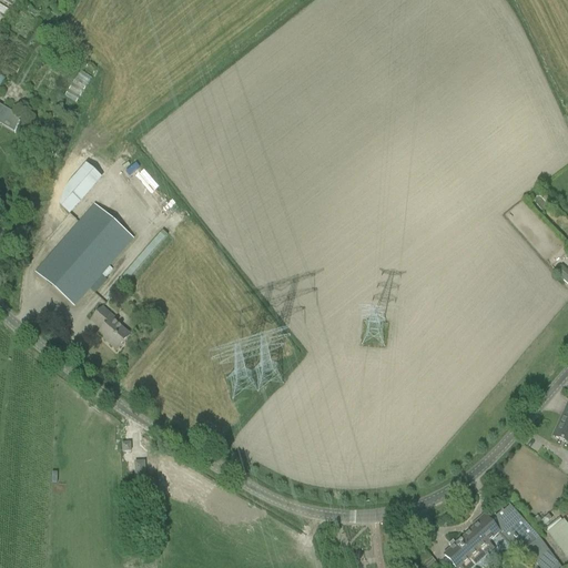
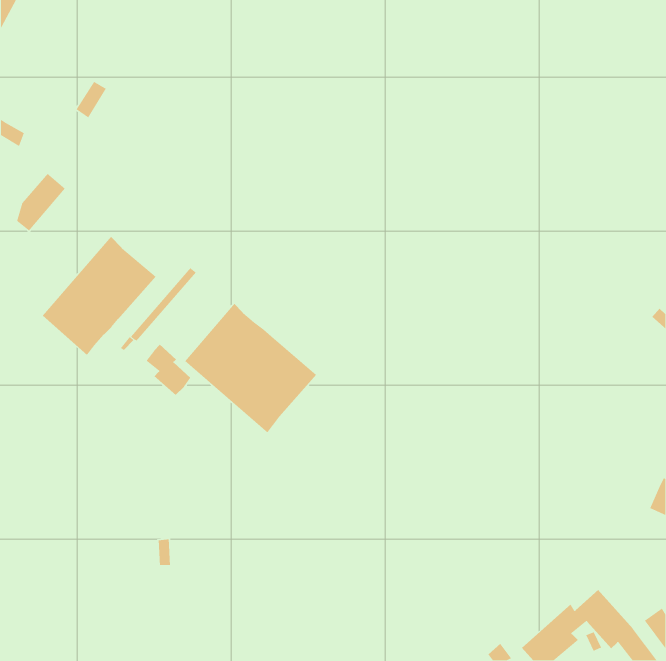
building: [59,163,101,213] -> [16,173,66,232]
building: none -> [184,303,317,433]
building: [91,303,130,347] -> [146,344,191,396]

